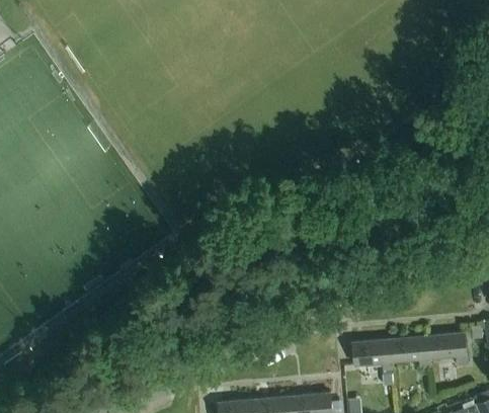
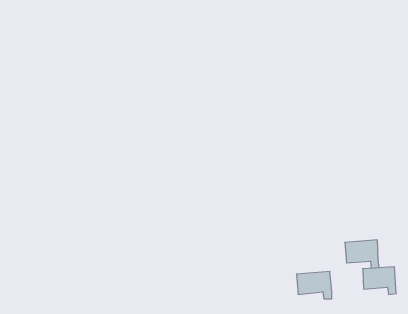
building: [391,336,430,368] -> [345,240,379,268]

